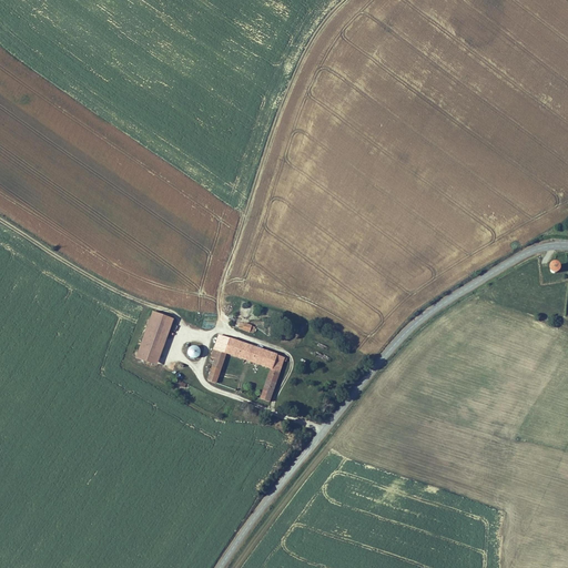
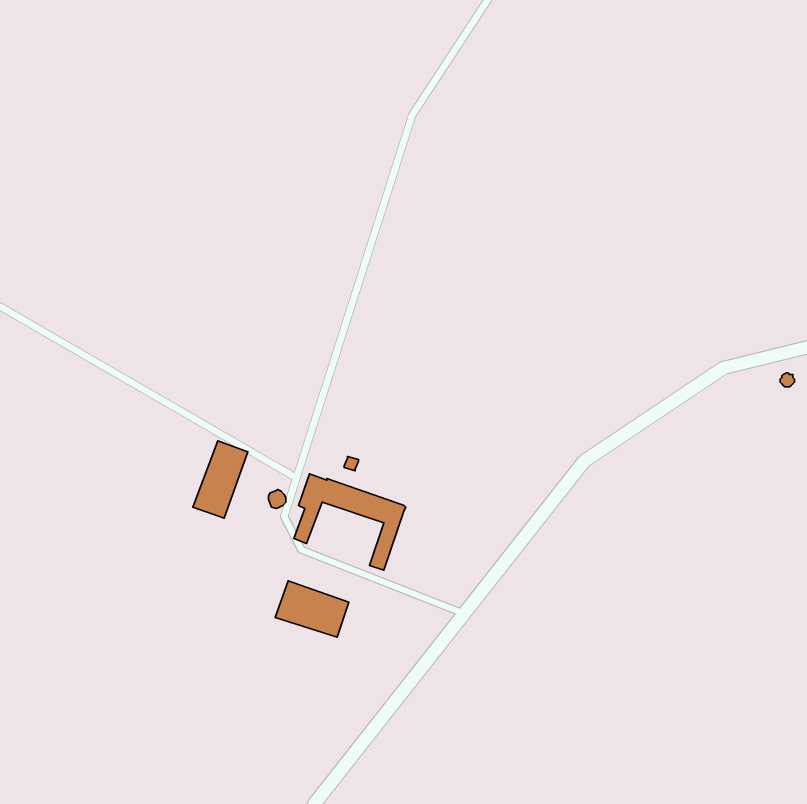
building: none -> [275,581,349,637]

